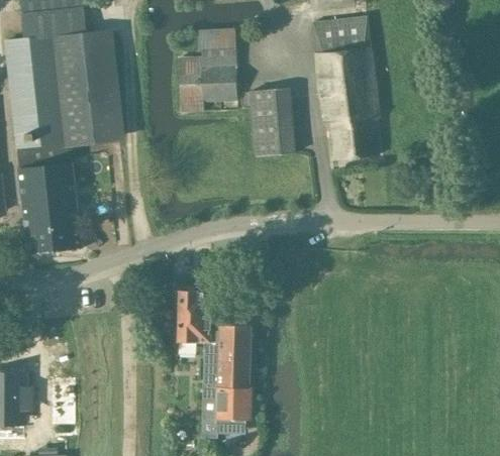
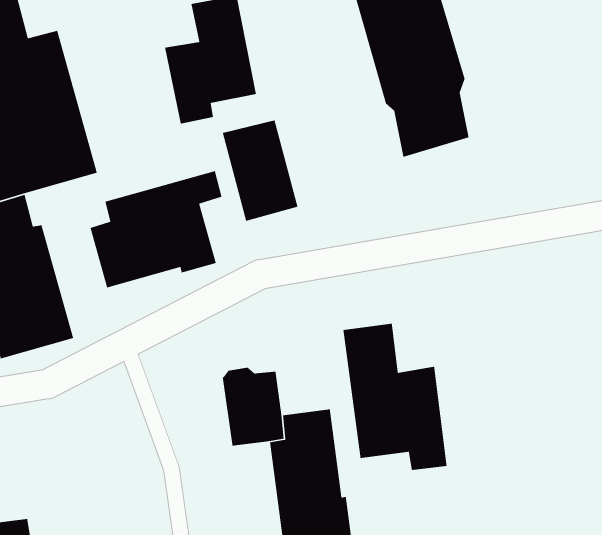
building: [251,89,295,156] -> [222,119,298,222]
building: none -> [90,170,223,289]
building: none -> [342,323,448,471]

